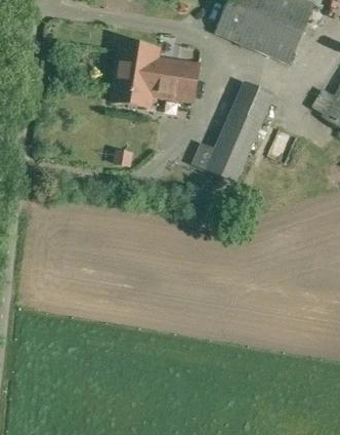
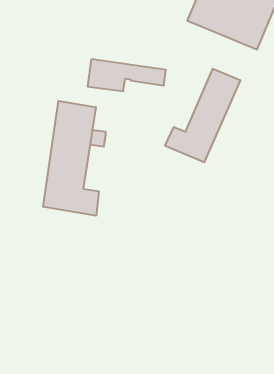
building: [115,42,197,83] -> none
building: none -> [43,101,99,216]

